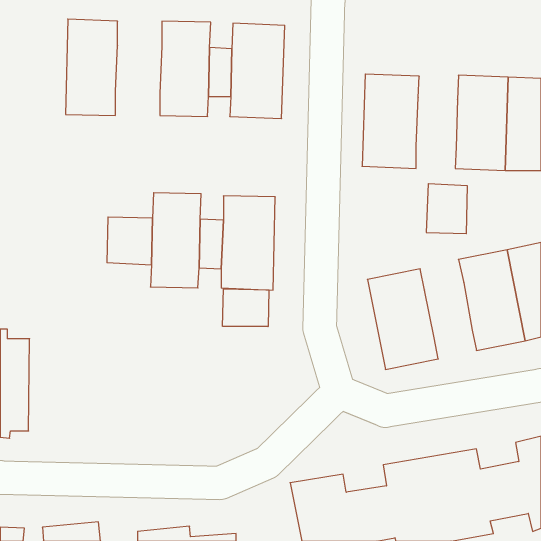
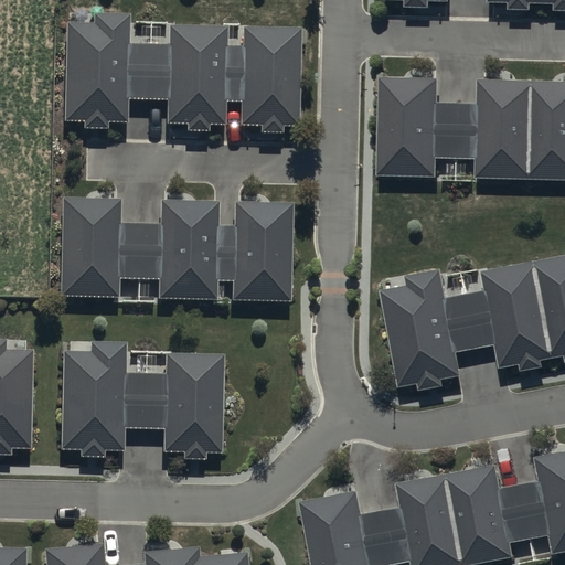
building: none -> [120,47,169,97]
building: [426,184,467,234] -> [434,102,477,153]
building: none -> [58,199,114,299]
building: none -> [443,295,492,352]
building: [223,289,269,327] -> none
building: none -> [64,345,224,461]

